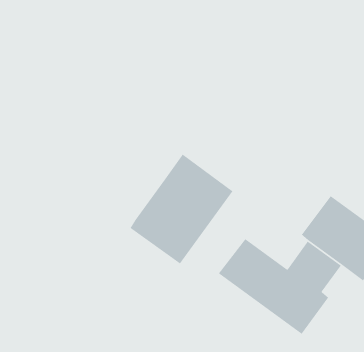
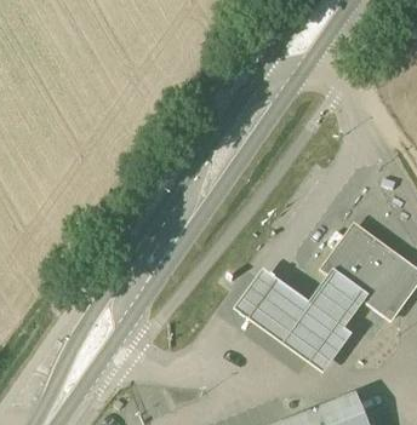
building: [129,154,234,265] -> none

